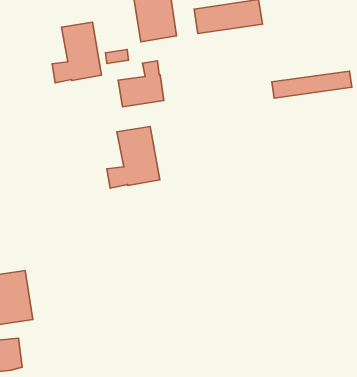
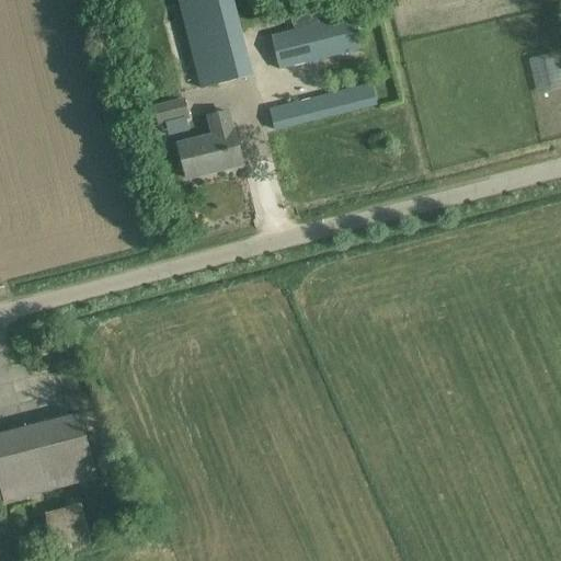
building: [52,22,102,83] -> none
building: [272,71,352,98] -> [267,82,376,129]
building: [107,126,160,188] -> none

